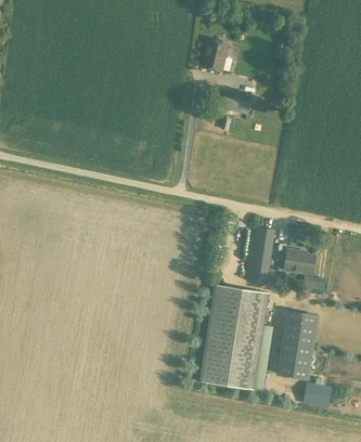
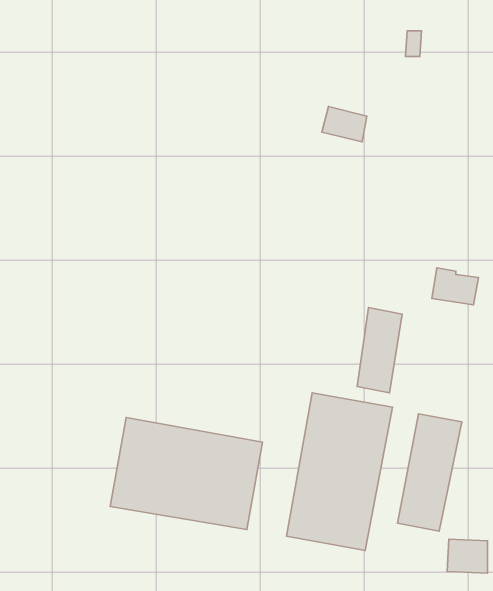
building: [203,40,228,73] -> none
building: [285,249,317,274] -> [432,268,478,305]
building: none -> [110,417,262,529]

